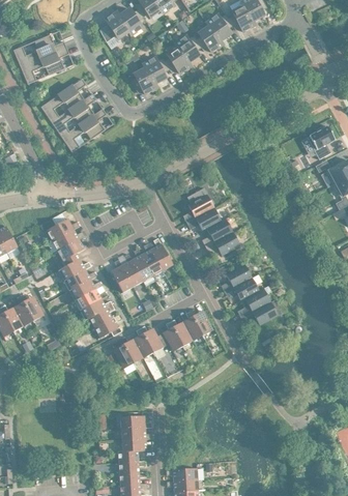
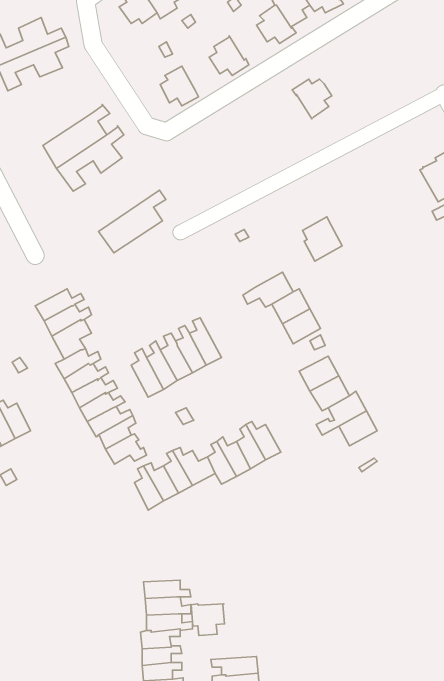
building: [174,36,201,63] -> [292,79,332,119]
building: [143,57,169,84] -> none
building: [40,79,86,121] -> [99,190,166,253]
building: [186,187,213,217] -> [303,217,342,261]
building: none -> [191,604,225,635]

